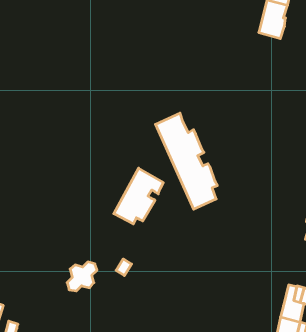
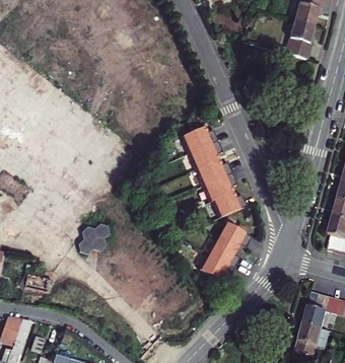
building: [114,168,163,224] -> [202,221,251,276]
building: [67,262,97,291] -> [76,226,106,255]

